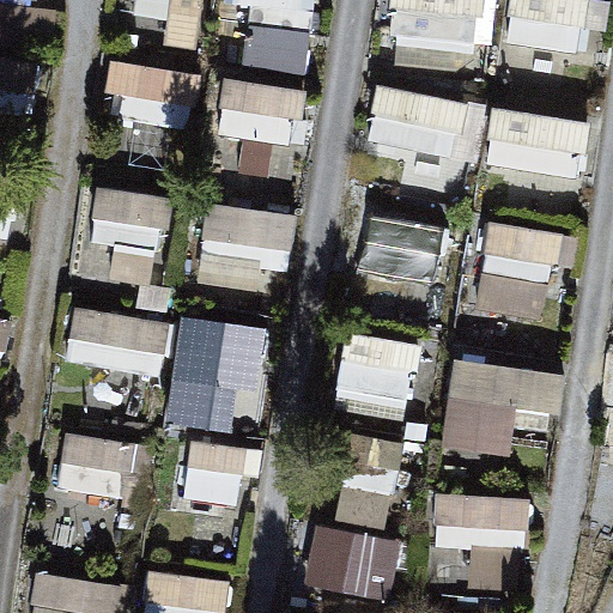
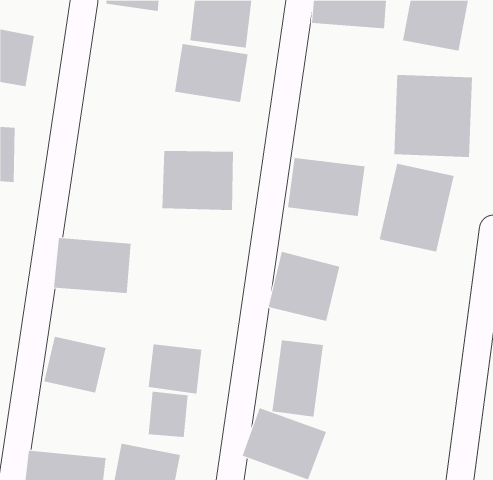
building: [110,60,199,133] -> none
building: [364,81,465,188] -> none
building: [86,186,171,262] -> none
building: [168,312,265,435] -> none
building: [443,358,565,453] -> none
building: [432,491,526,589] -> none

